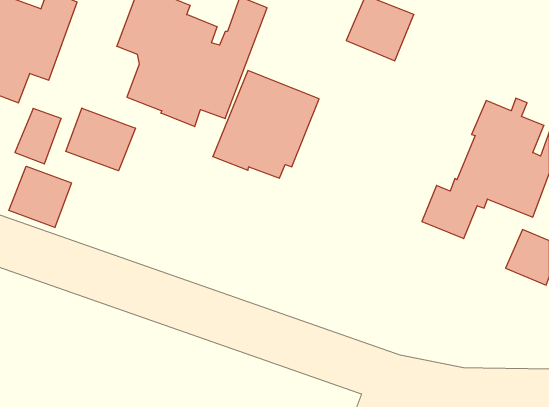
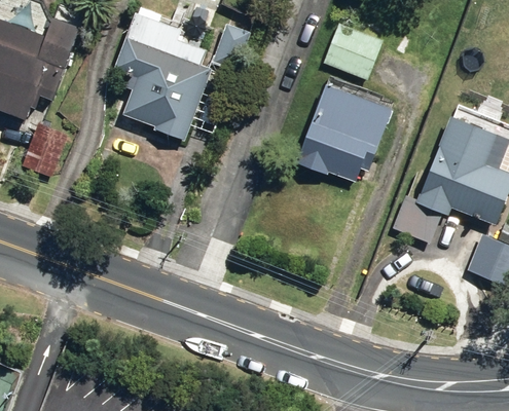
building: [213,71,319,178] -> [295,83,392,181]
building: [66,108,135,171] -> none
building: [9,166,72,228] -> none

